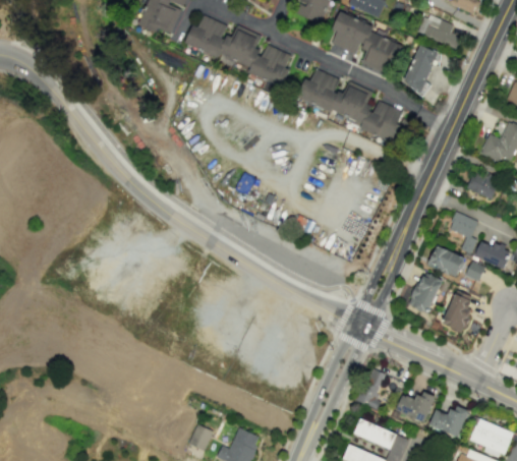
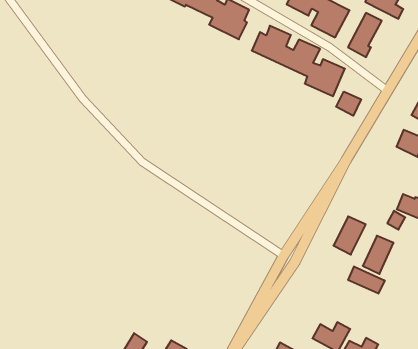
building: none -> [336,92,361,116]
building: [449,213,477,254] -> none
building: [427,246,464,278] -> none
building: none -> [348,266,385,294]
building: [356,368,385,411] -> none

